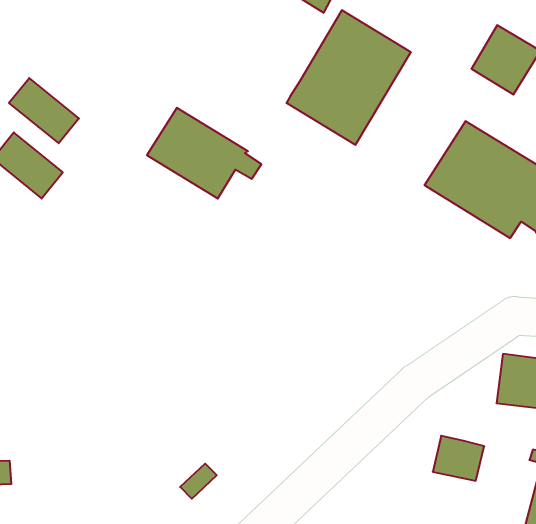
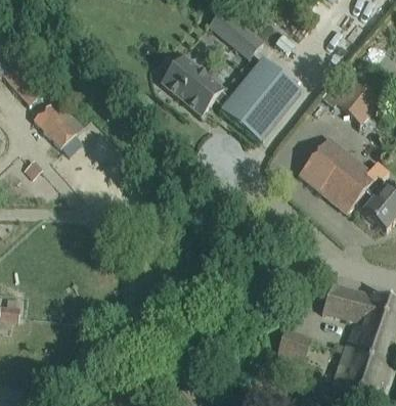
building: [9,78,79,143] -> none
building: [147,108,261,199] -> [160,55,229,115]

